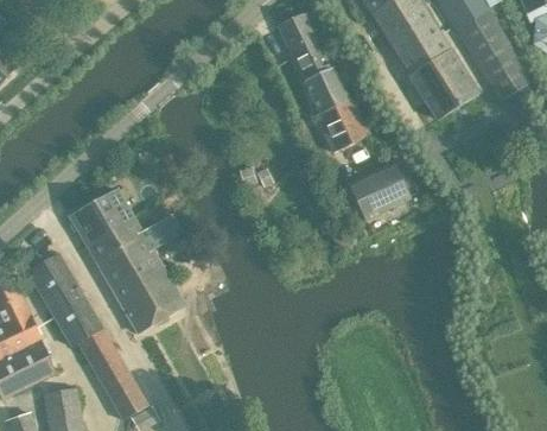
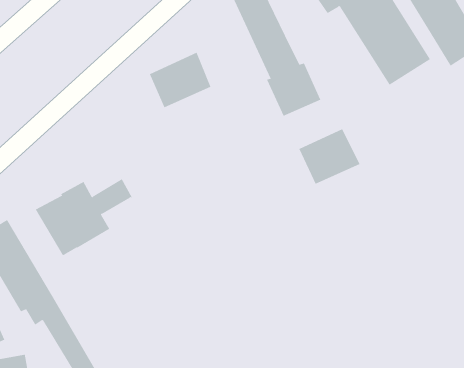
building: none -> [149,52,211,108]
building: [69,186,133,242] -> none
building: [112,230,184,331] -> none

